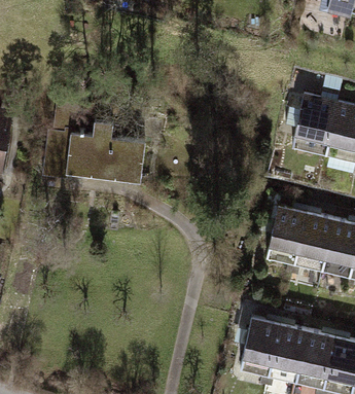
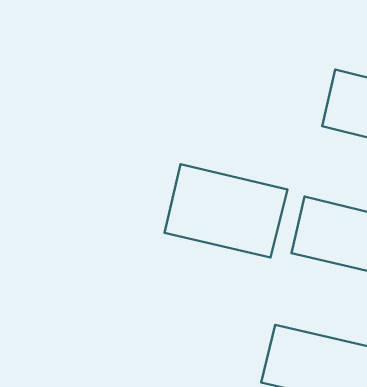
building: [46,130,145,180] -> none
building: none -> [164,164,287,258]

